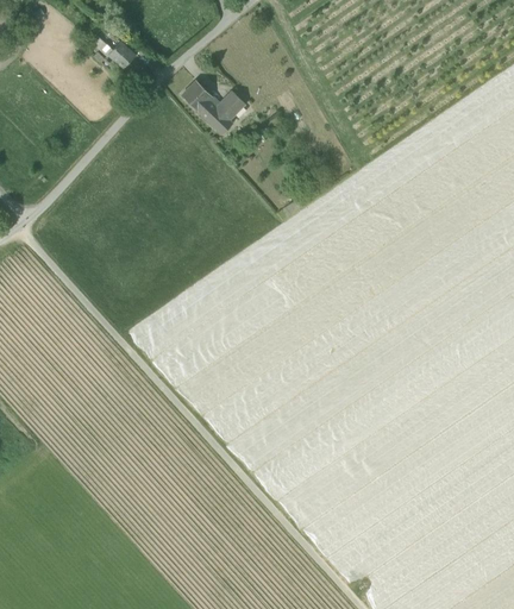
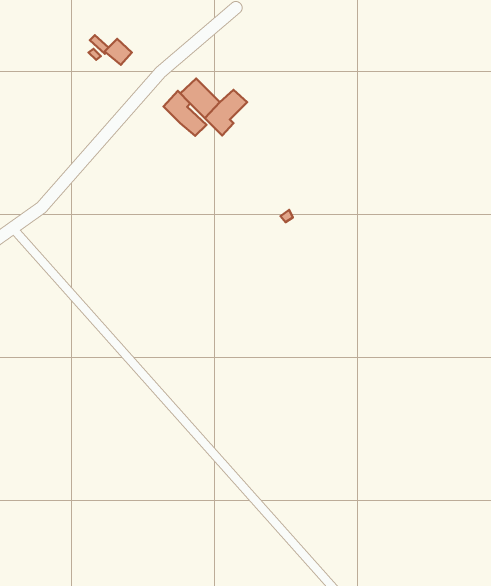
building: none -> [164,91,206,136]

